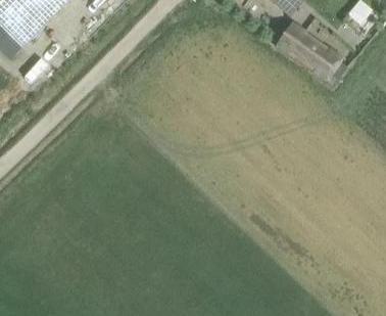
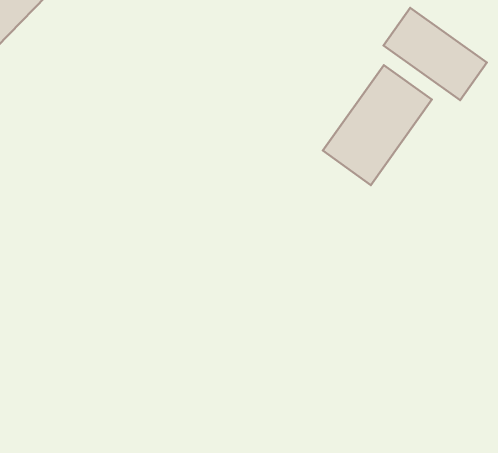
building: none -> [323,65,432,185]

